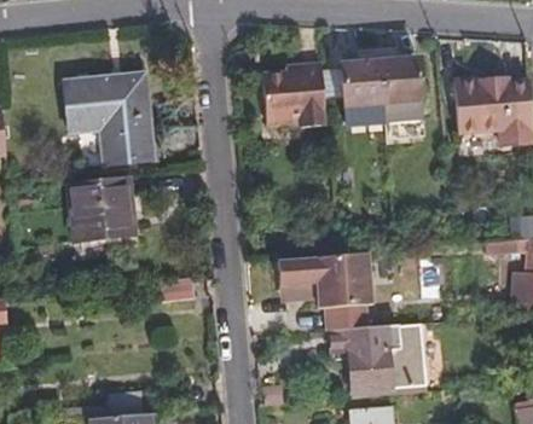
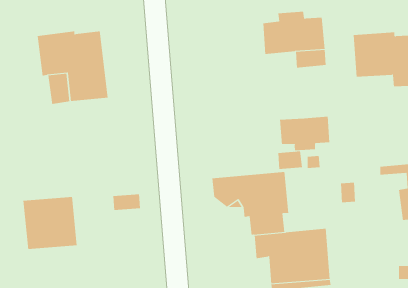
building: [262,64,325,128] -> none
building: [66,179,134,244] -> [23,196,78,249]
building: none -> [279,116,330,151]

